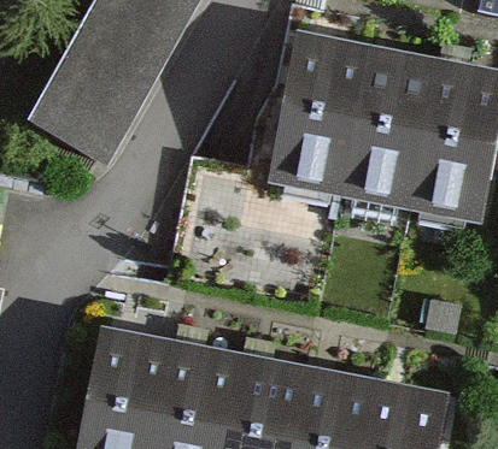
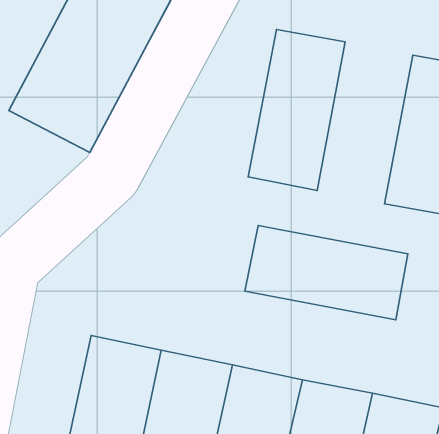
building: [338,46,432,205] -> none
building: none -> [245,225,408,320]

